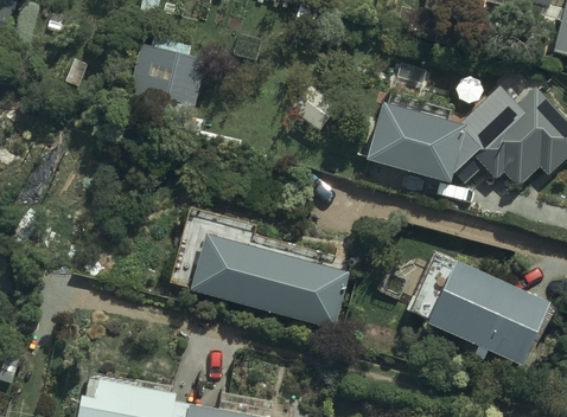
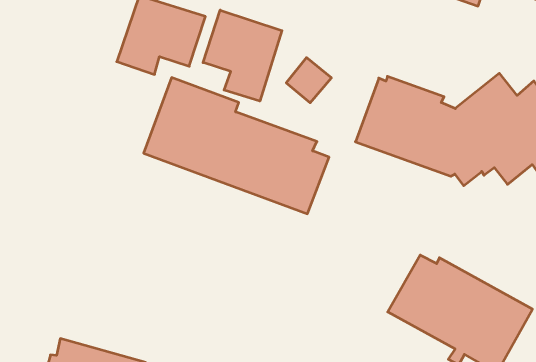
building: none -> [203,10,282,101]
building: [170,207,351,329] -> [144,78,329,214]

